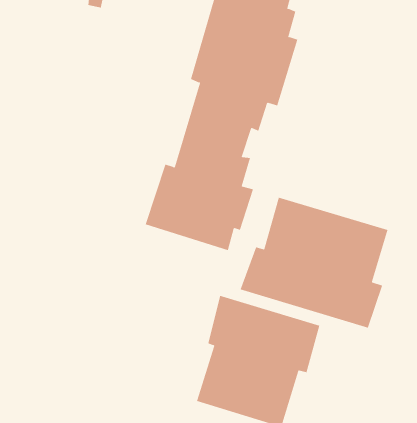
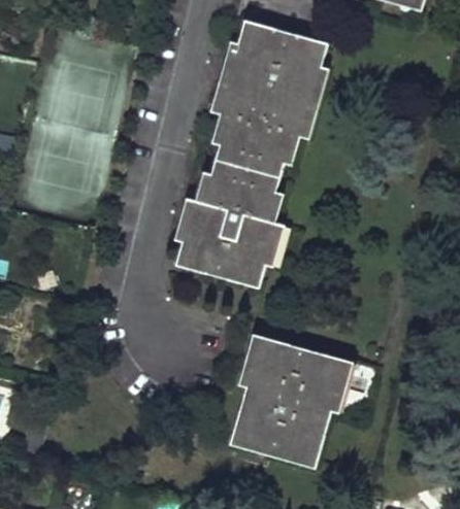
building: [240,197,388,329] -> none

